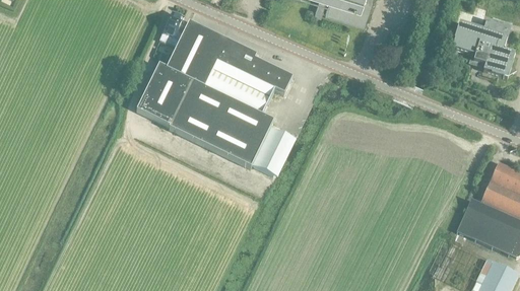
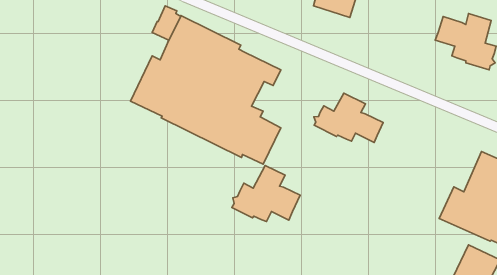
building: none -> [314,93,383,142]
building: none -> [232,166,300,222]

